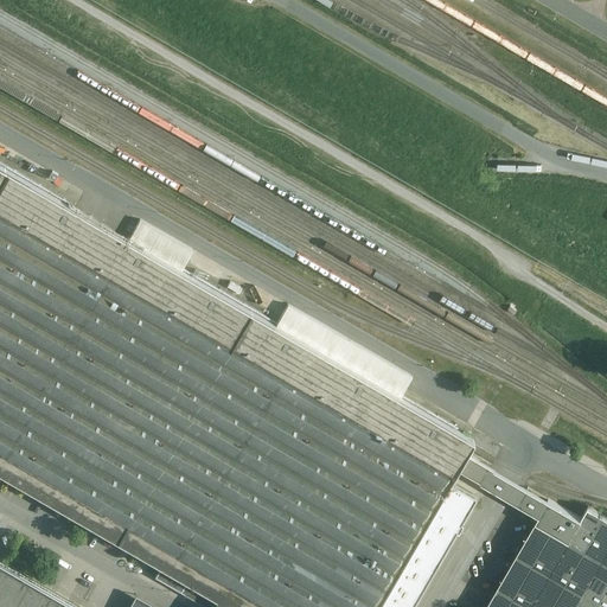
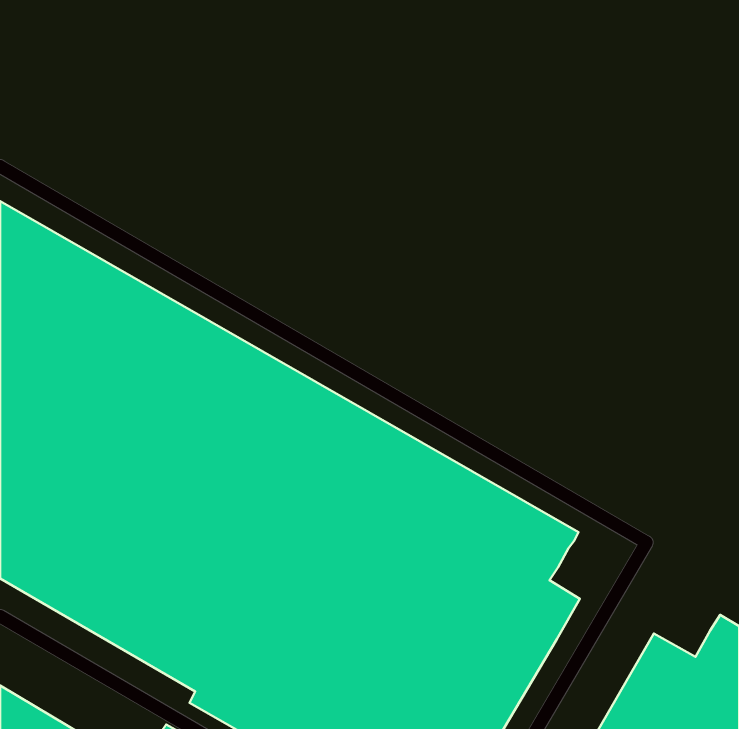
building: [458,458,582,547] -> none

